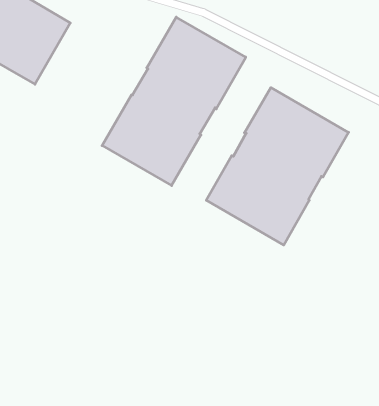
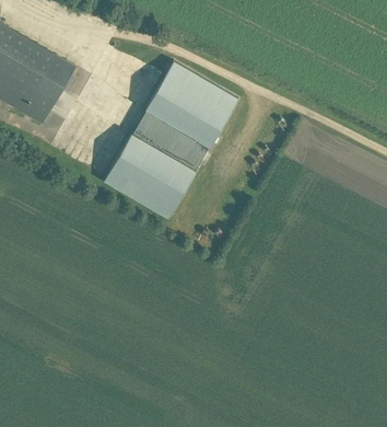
building: [206,88,349,245] -> none

